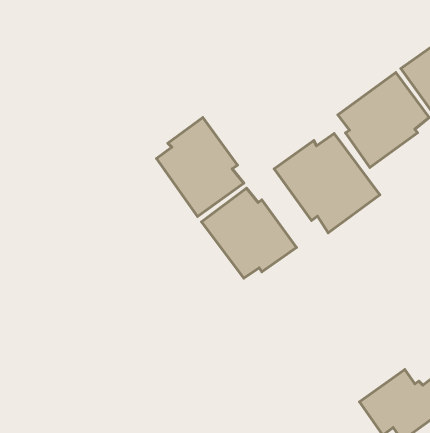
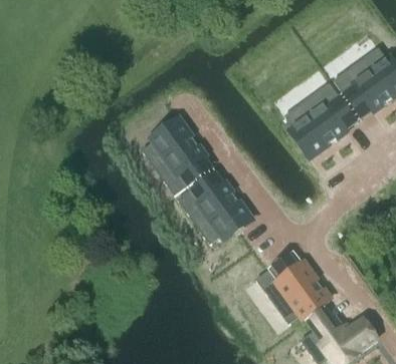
building: [274,133,380,233] -> none
building: none -> [256,253,331,323]

